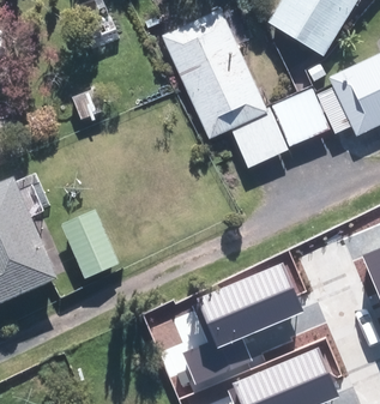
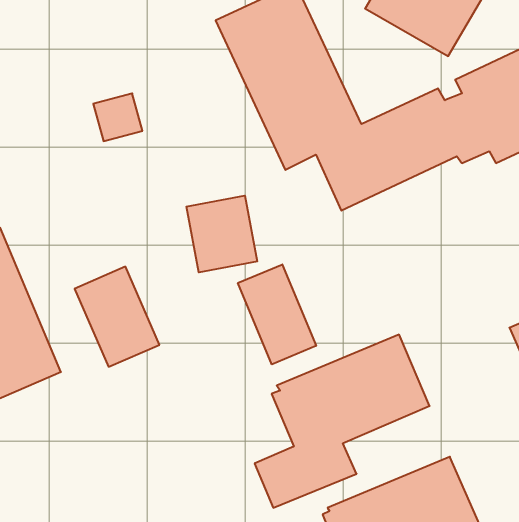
building: none -> [186,196,257,272]
building: none -> [238,264,316,364]

